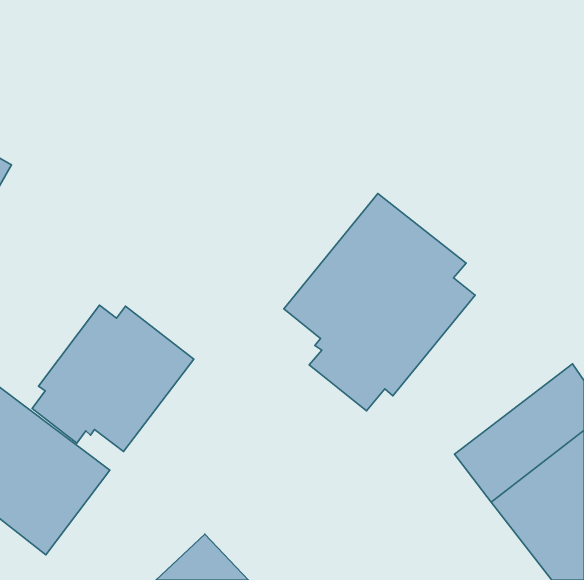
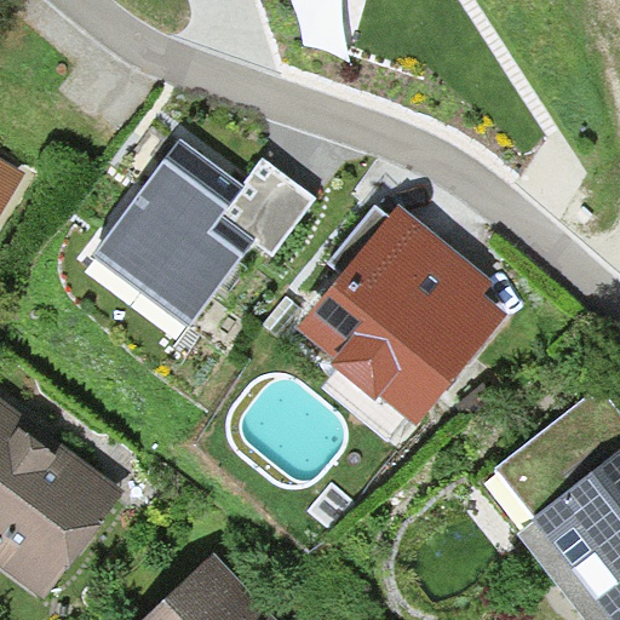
building: none -> [94,138,315,328]
building: [32,305,194,452] -> none

